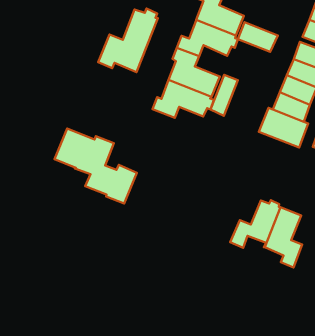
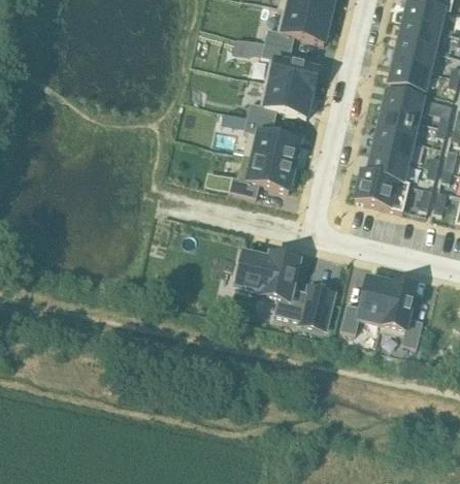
building: [98,9,158,72] -> none
building: [238,22,278,52] -> none
building: [211,75,238,116] -> none
building: [55,128,137,204] -> [241,252,337,328]

